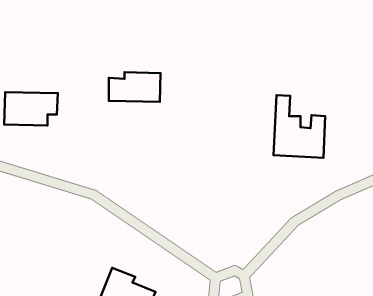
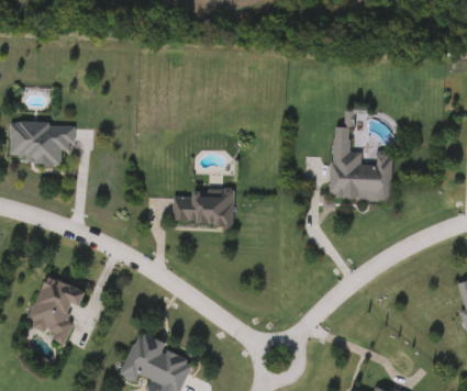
building: [109,72,161,102] -> [173,189,234,224]
building: none -> [27,277,85,338]

